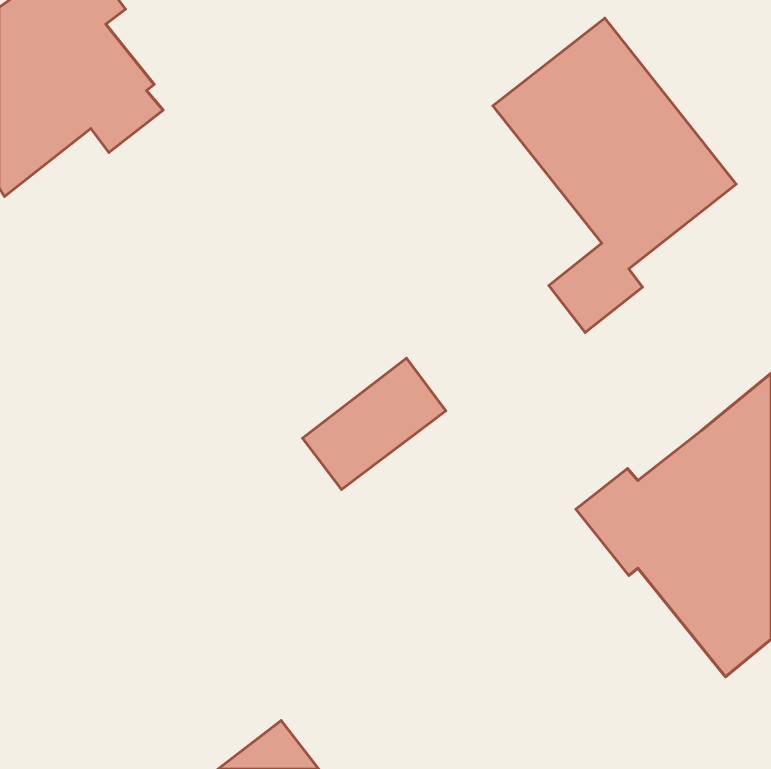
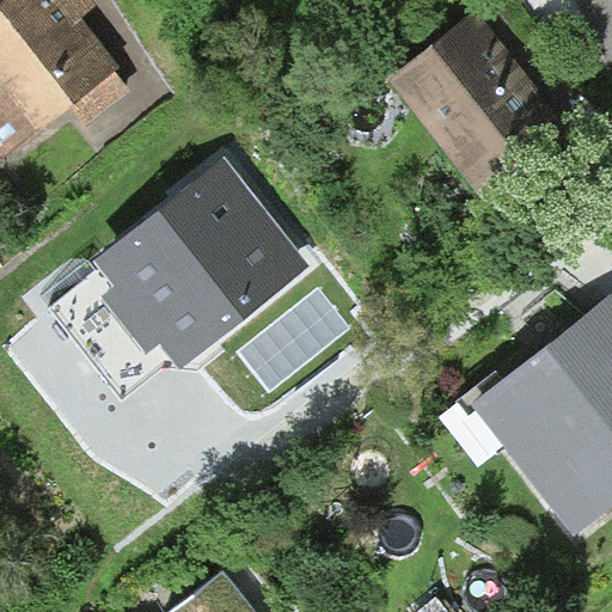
building: none -> [53,157,310,390]

